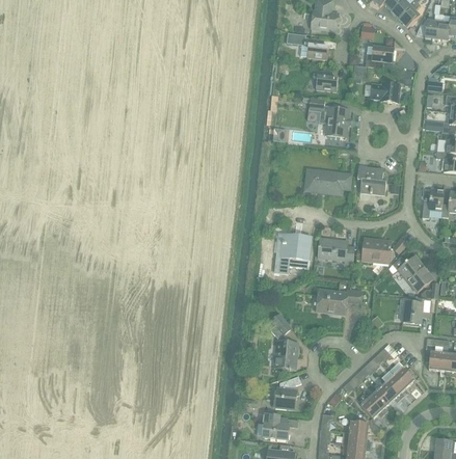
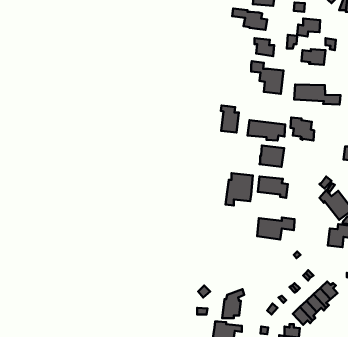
building: none -> [294,85,340,105]
building: none -> [221,106,239,133]
building: [360,238,391,264] -> [259,146,284,167]
building: [269,313,297,369] -> none

